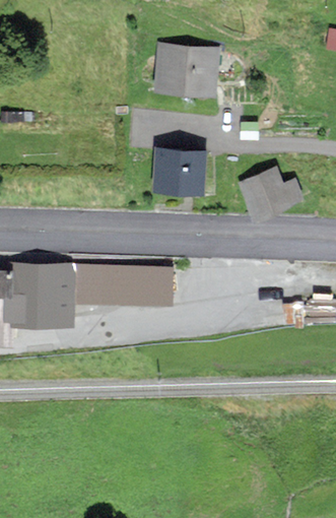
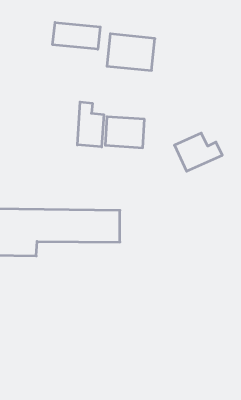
building: none -> [53,22,100,49]
building: none -> [77,102,104,147]

